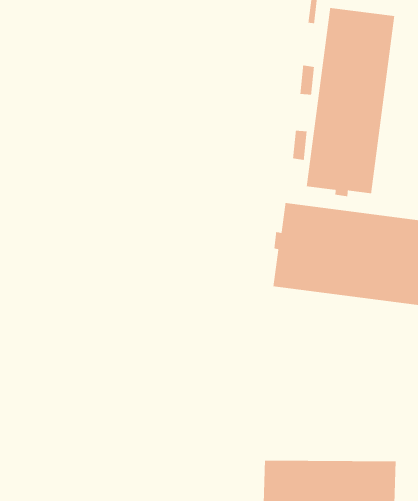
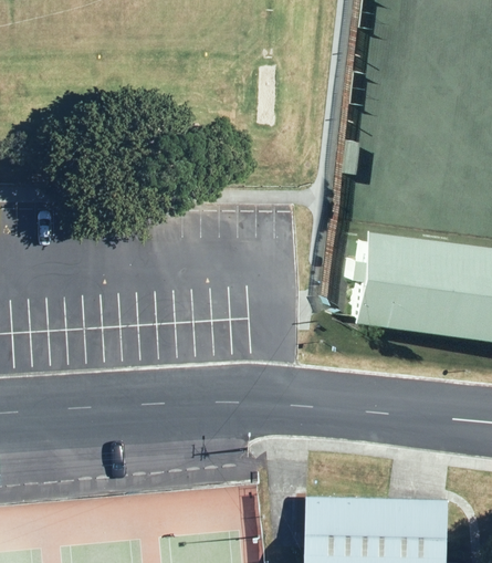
building: [306,7,395,197] -> none

